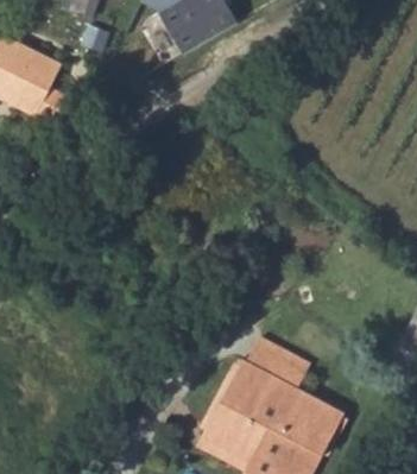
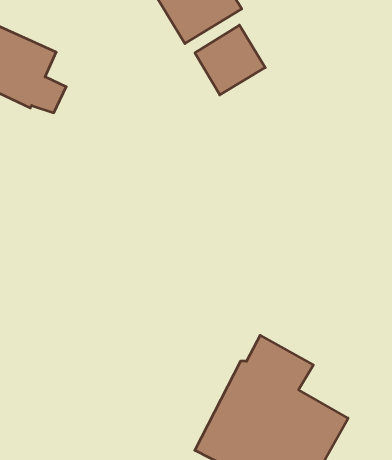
building: none -> [195,25,265,95]

